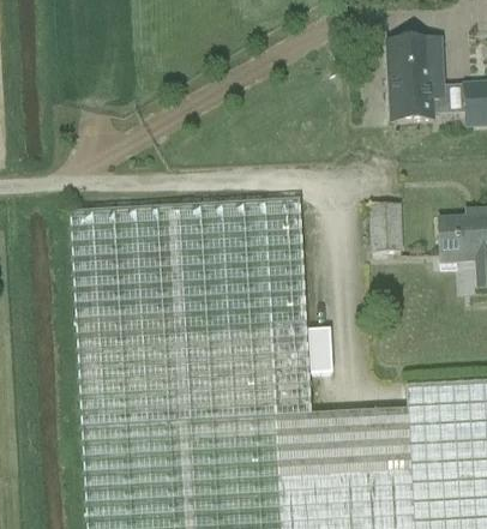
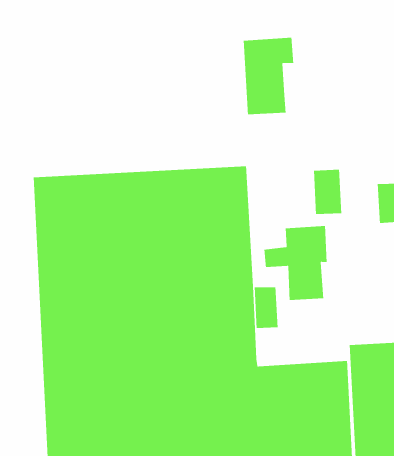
building: [387,37,443,121] -> [243,37,294,115]
building: none -> [263,225,327,301]

